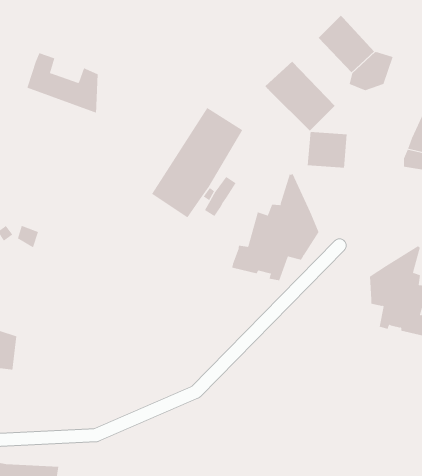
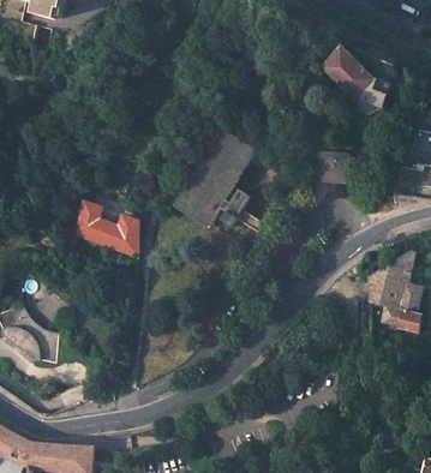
building: [27,53,98,114] -> [73,200,137,255]
building: [265,61,336,132] -> none
building: [232,173,319,281] -> none

